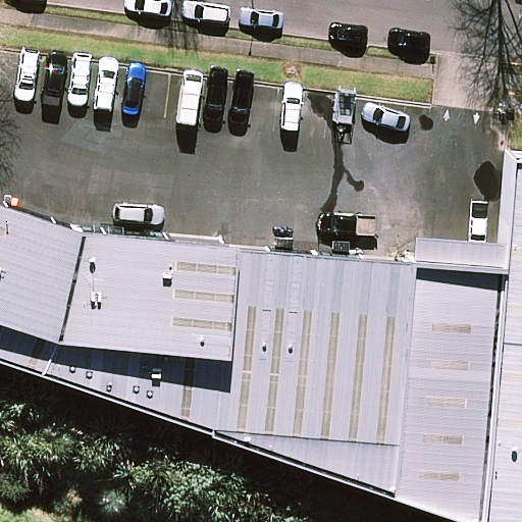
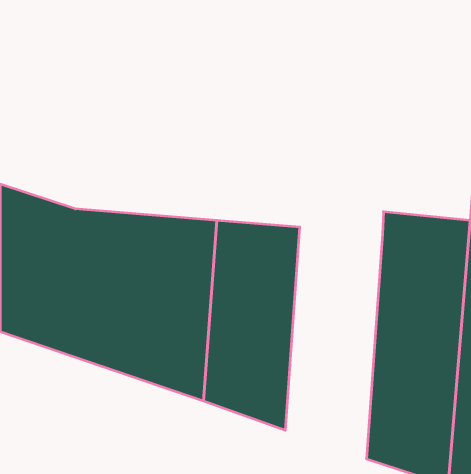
building: [322,256,426,505] -> none

